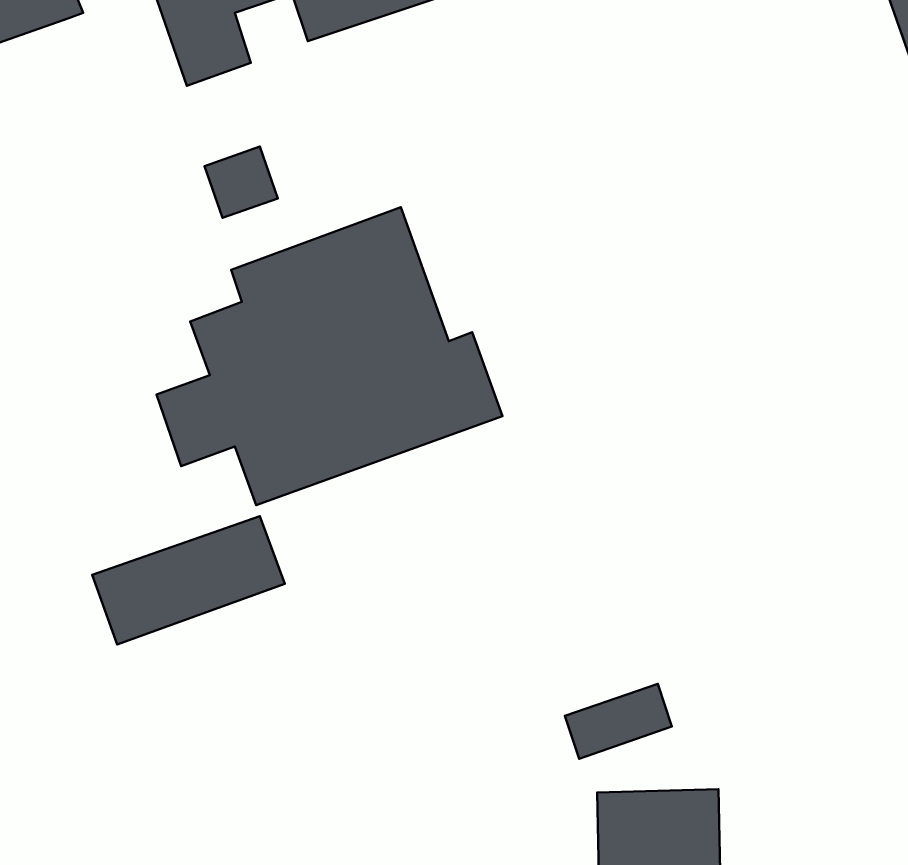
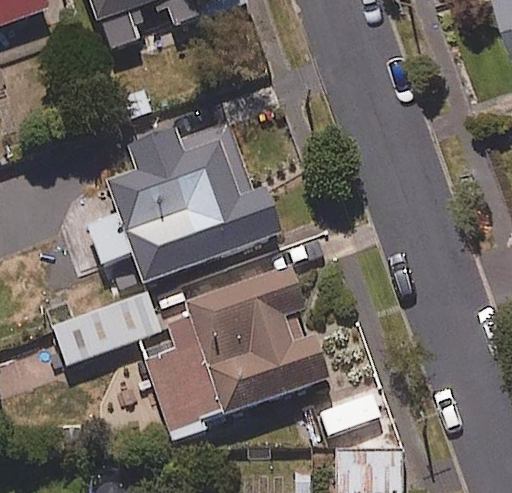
building: none -> [140,266,323,437]

